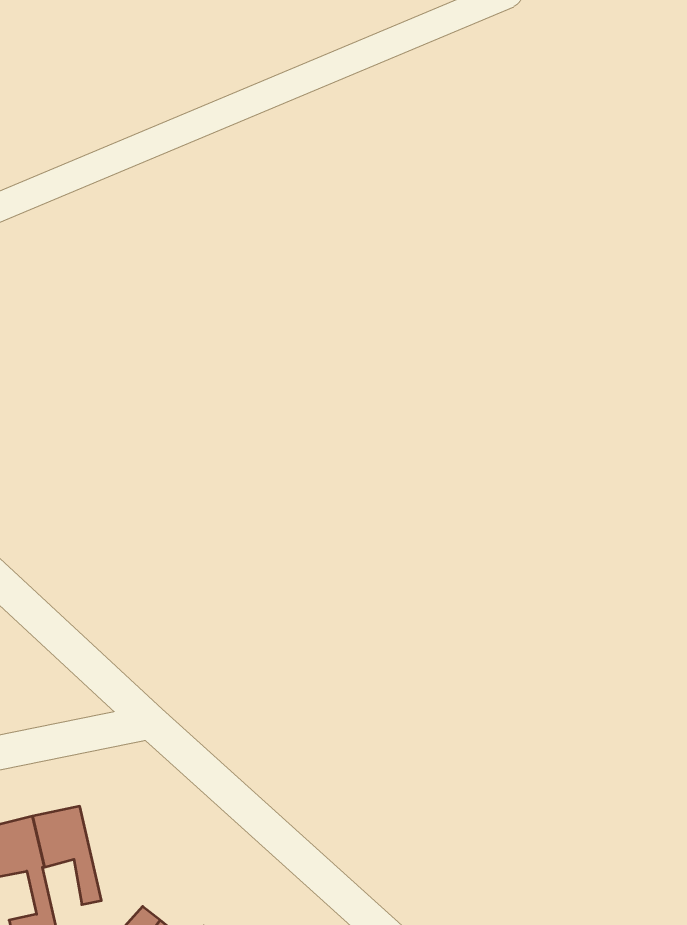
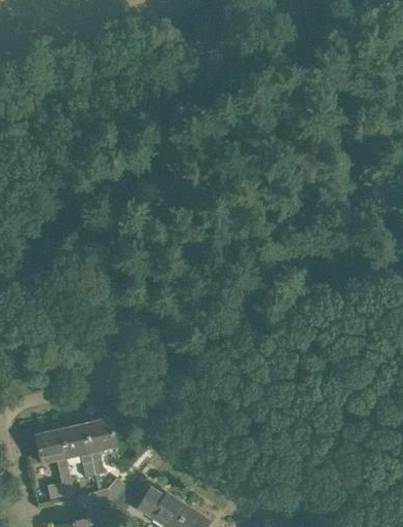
building: none -> [84,420,114,475]

